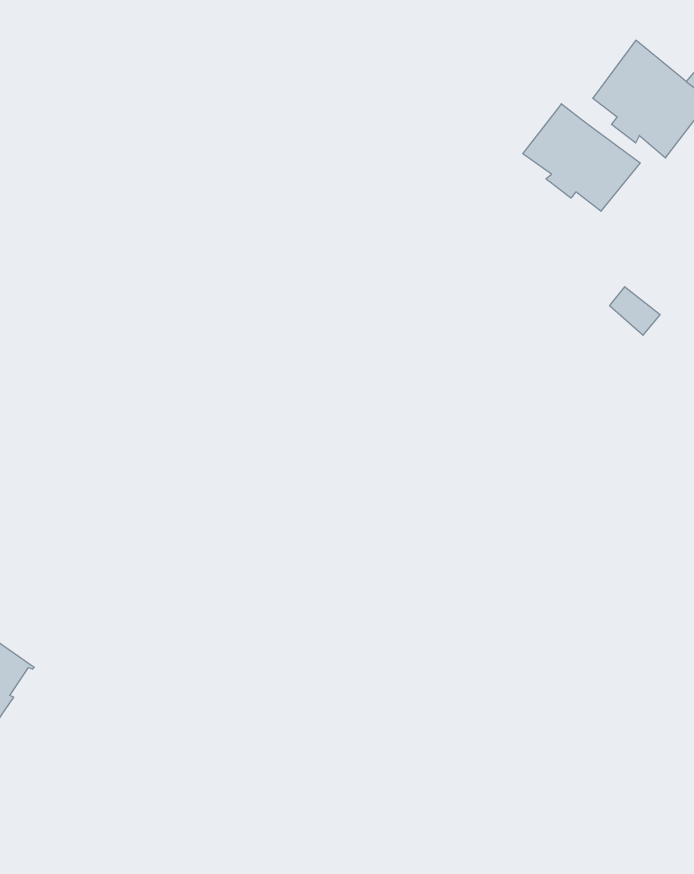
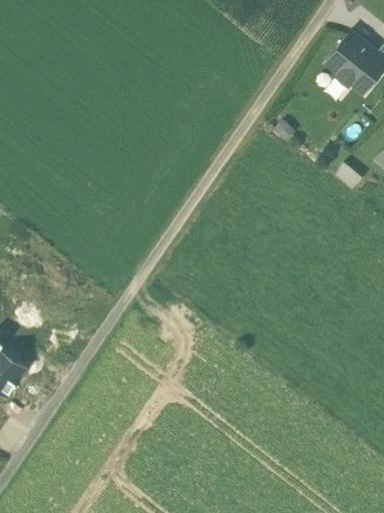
building: [523,104,640,211] -> none

